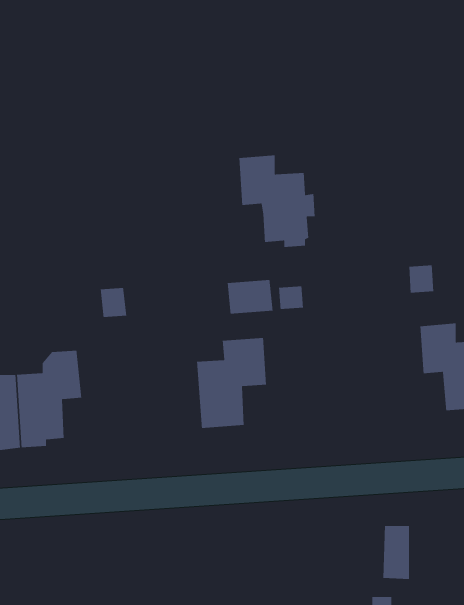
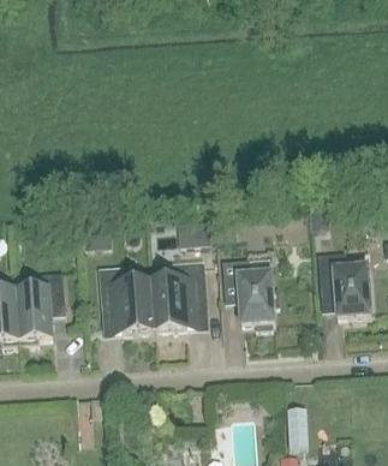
building: [238,154,316,248] -> [222,259,280,329]
building: none -> [101,268,155,334]

